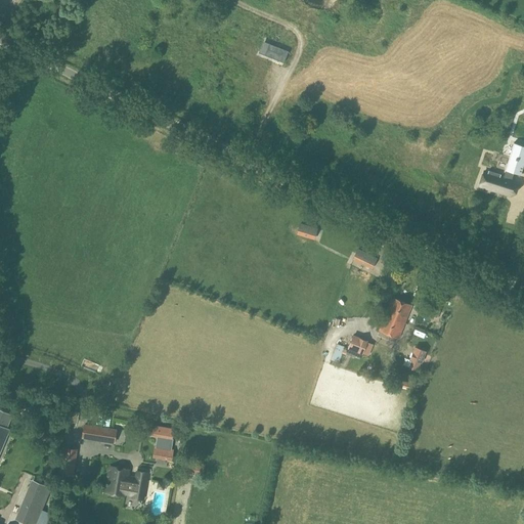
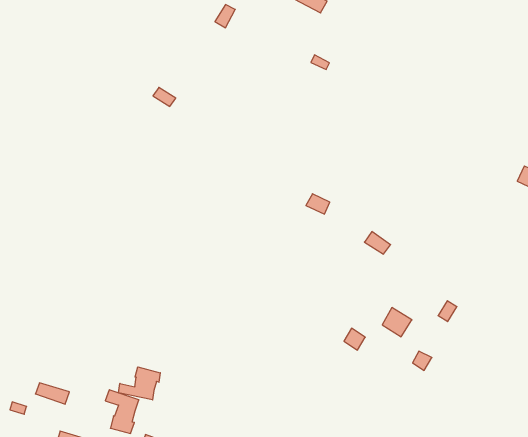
building: [386,298,412,322] -> none
building: none -> [119,367,160,400]

